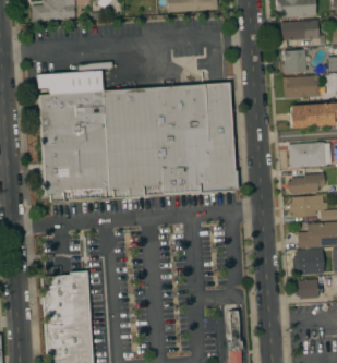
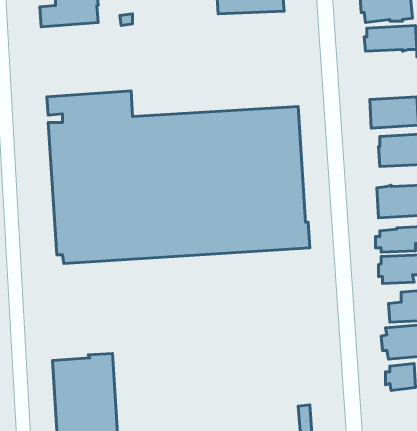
building: [284,48,310,73] -> none

